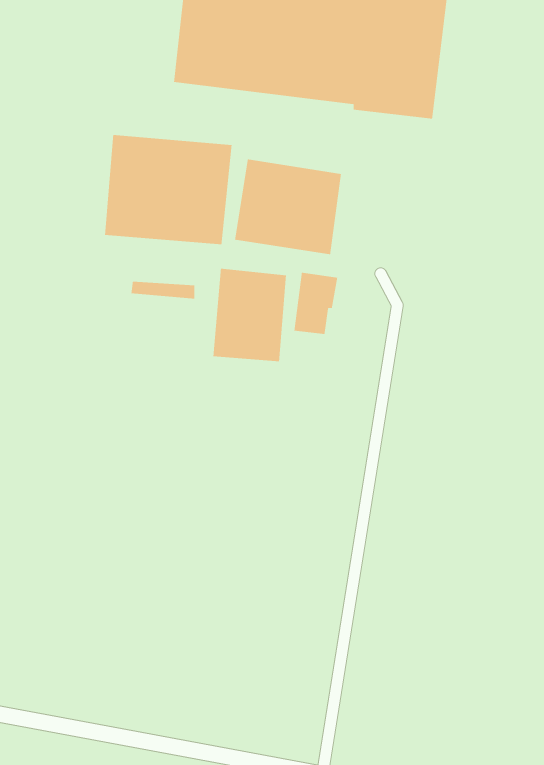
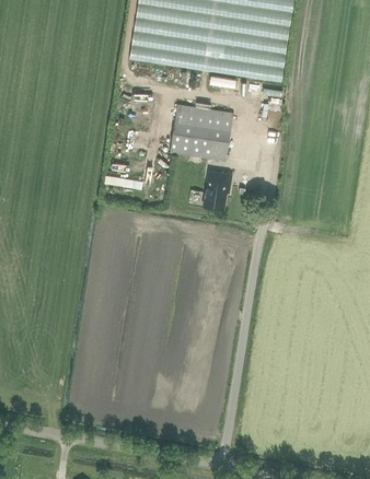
building: [104,134,232,245] -> none
building: [213,268,287,362] -> none

